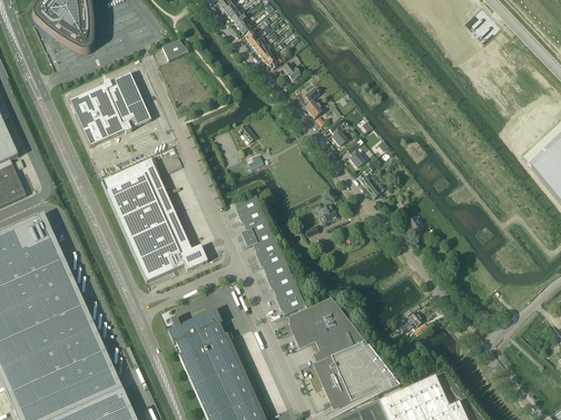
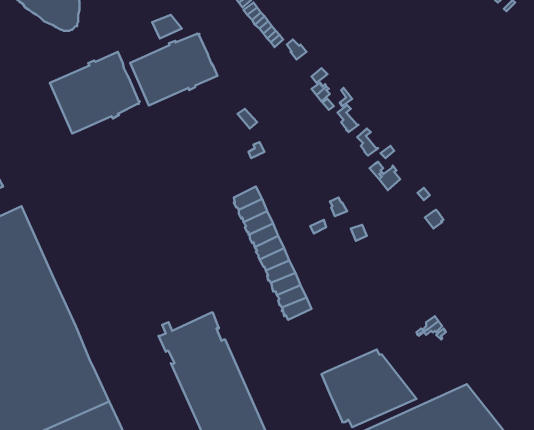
building: none -> [130,33,218,105]
building: [101,158,207,281] -> none
building: [287,296,365,362] -> none

